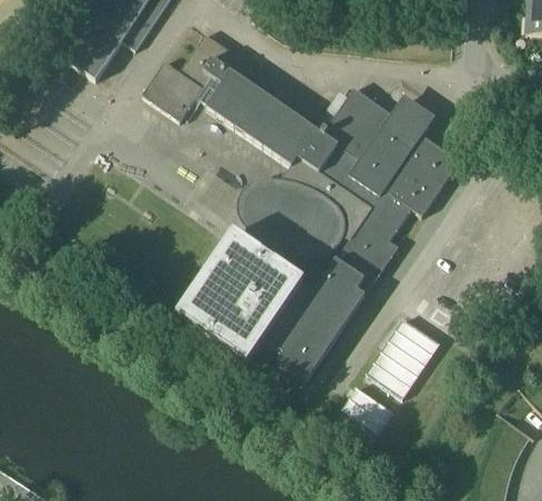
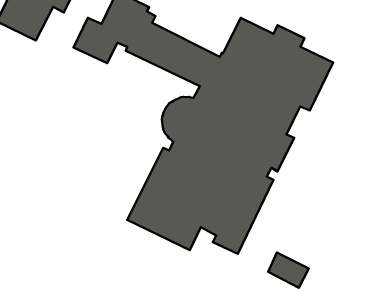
building: [367,319,440,398] -> none

